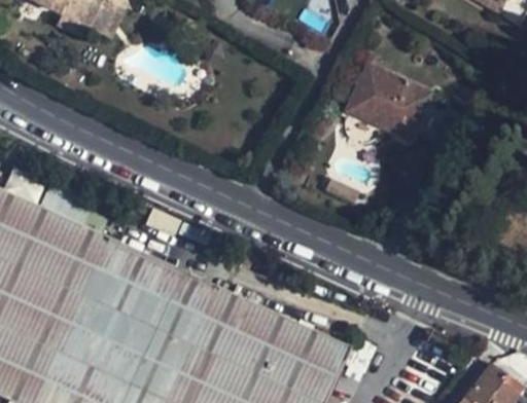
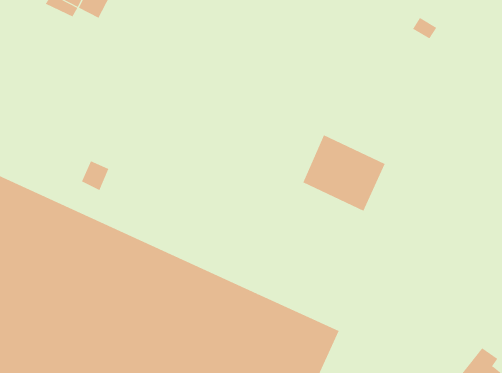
building: [347,64,429,140] -> [303,135,386,211]

